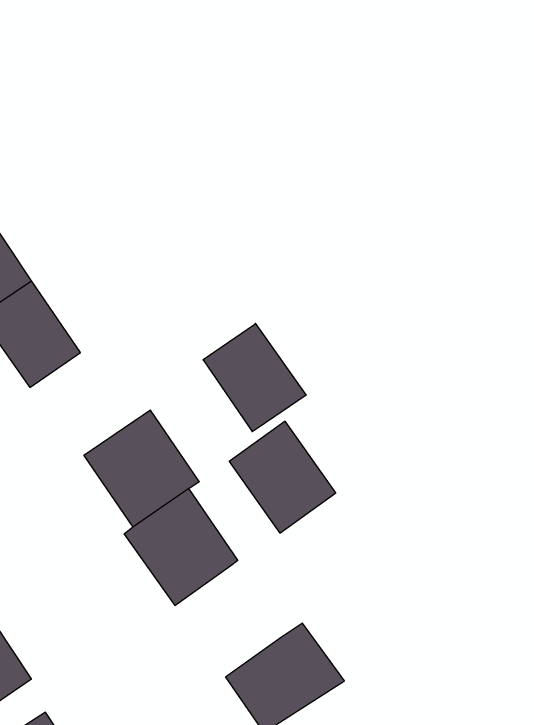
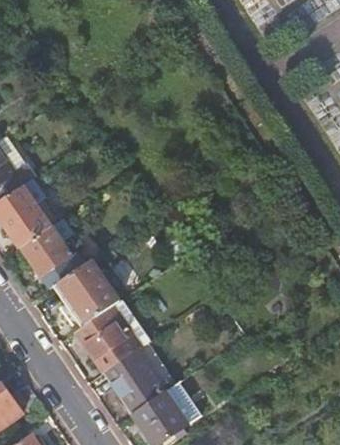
building: [203,323,306,432] -> [22,226,81,288]
building: [229,421,336,533] -> [105,349,166,413]

